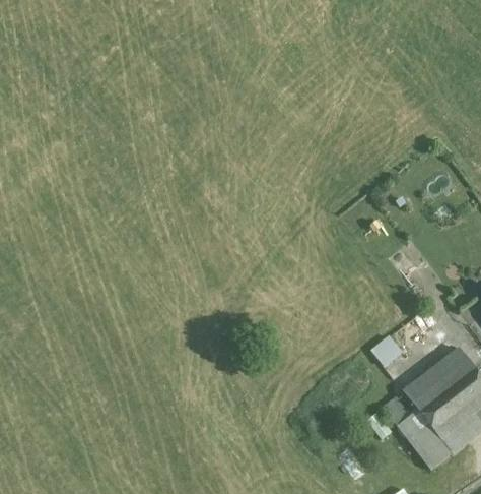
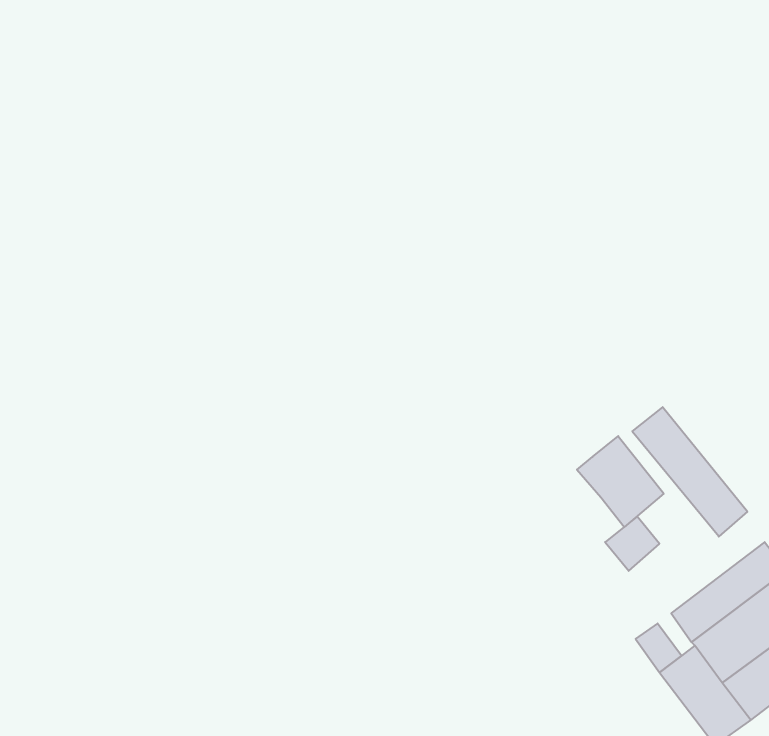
building: none -> [632,407,747,537]
building: none -> [577,436,664,527]

